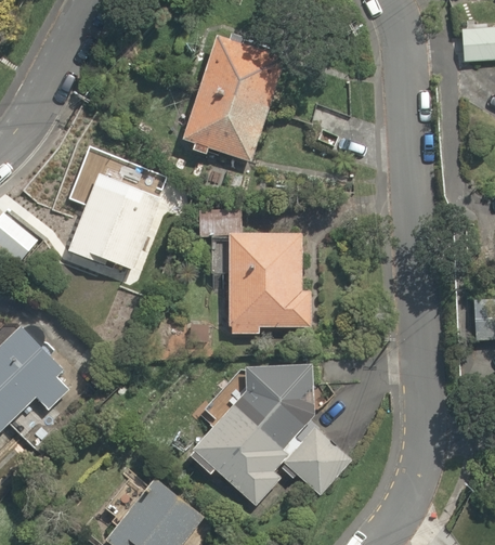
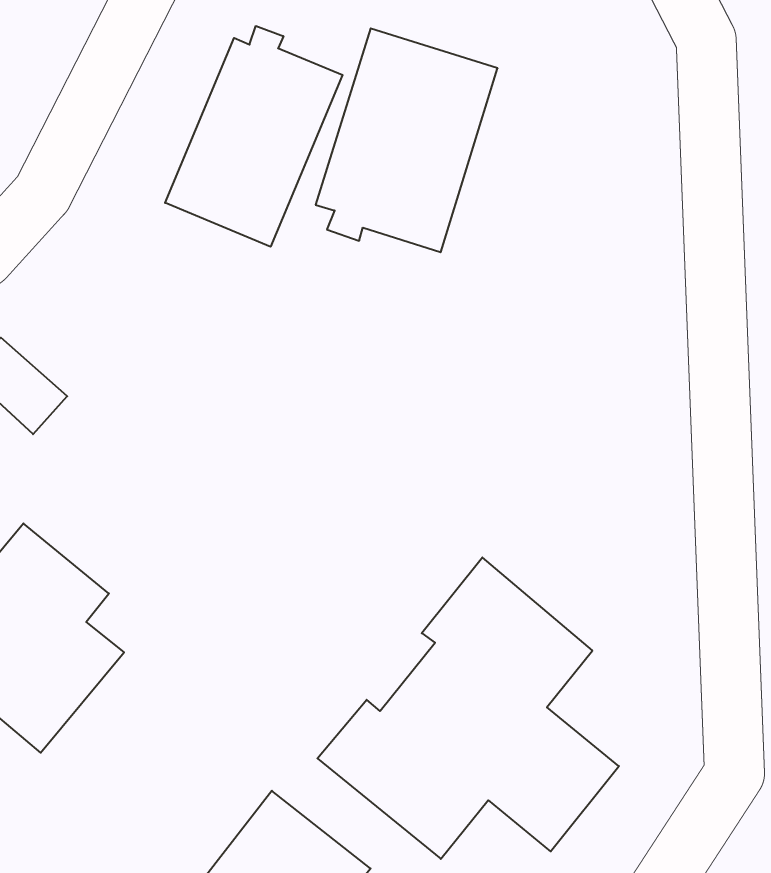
building: none -> [165,26,343,247]
building: [66,178,166,270] -> none
building: [224,230,317,335] -> none

